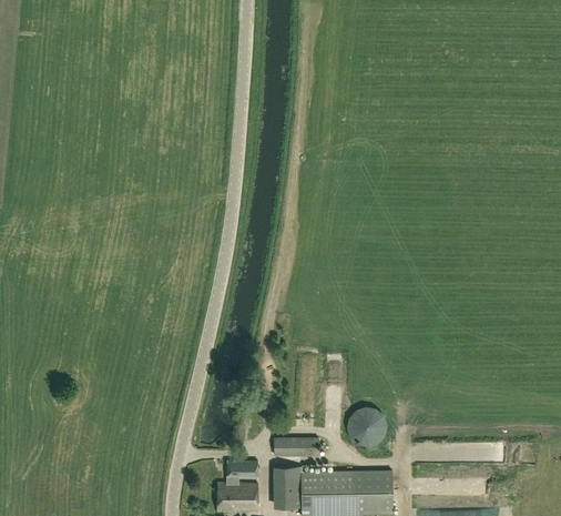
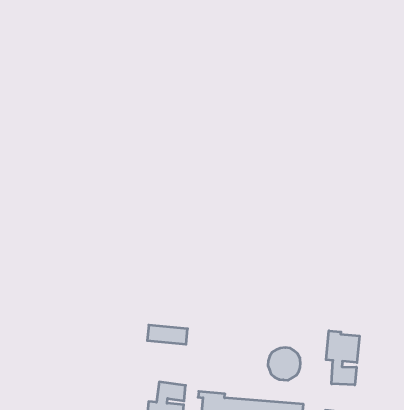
building: none -> [326,331,359,385]
building: [274,438,318,456] -> [147,325,188,344]

